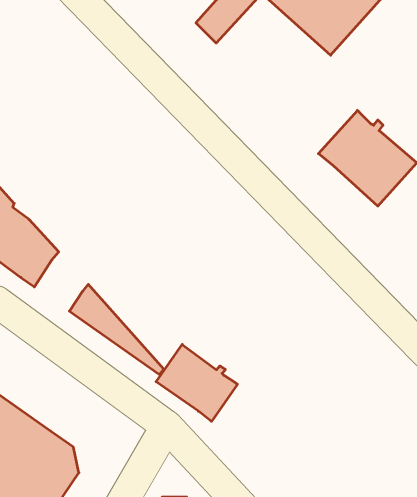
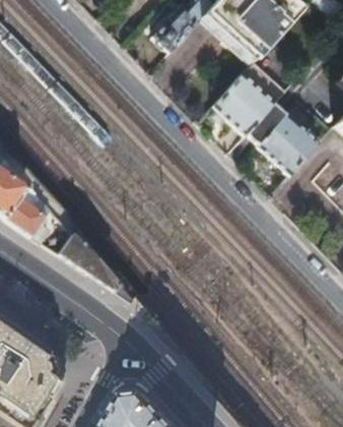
building: none -> [212,59,286,133]
building: [156,344,237,421] -> none

